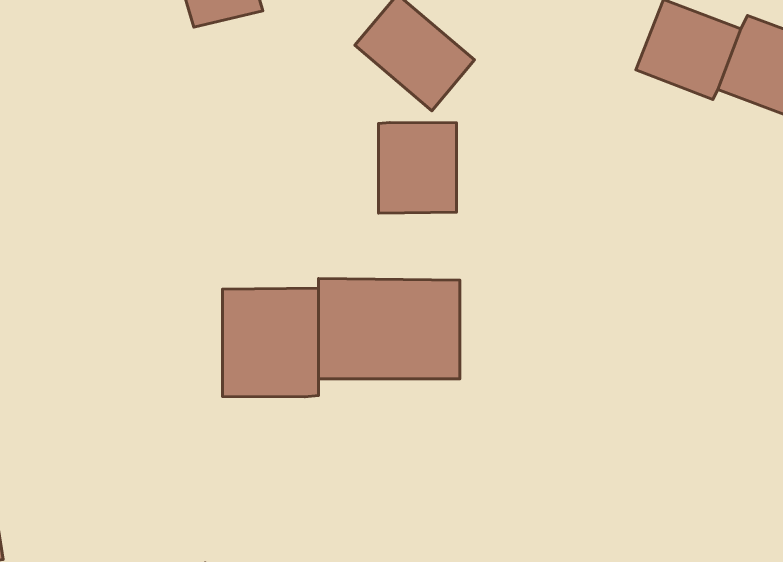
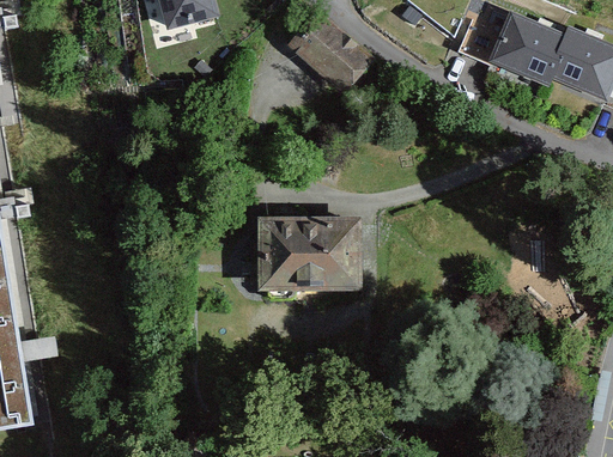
building: [378,122,456,213] -> none
building: [223,288,319,397] -> none

